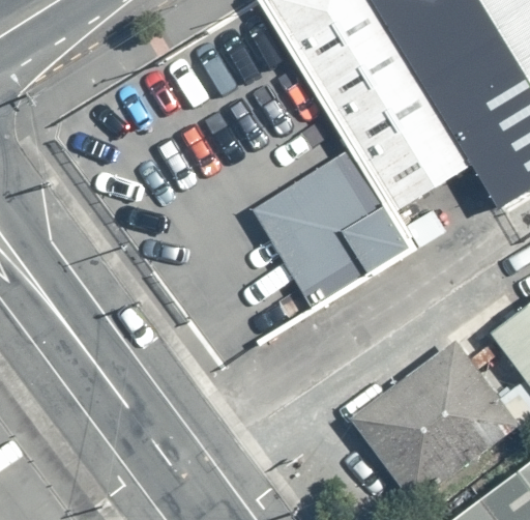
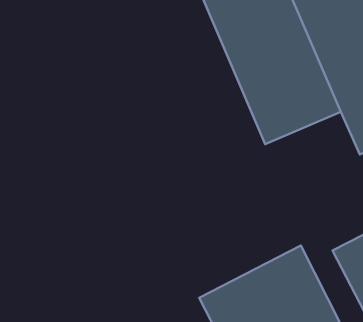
building: [234,152,384,306] -> none

